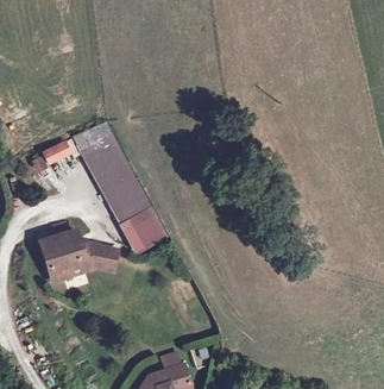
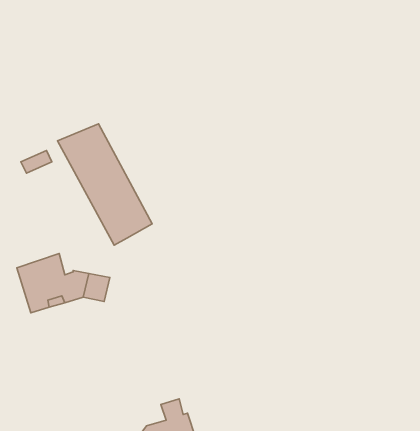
building: [131,206,168,246] -> none

